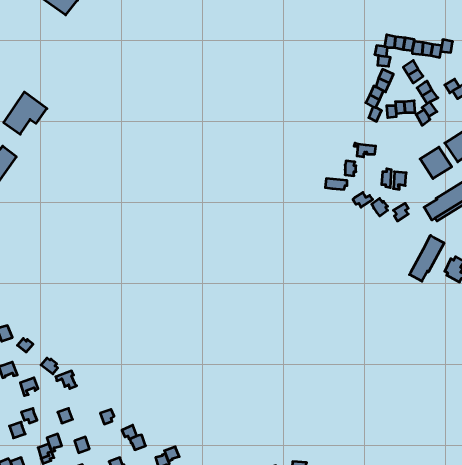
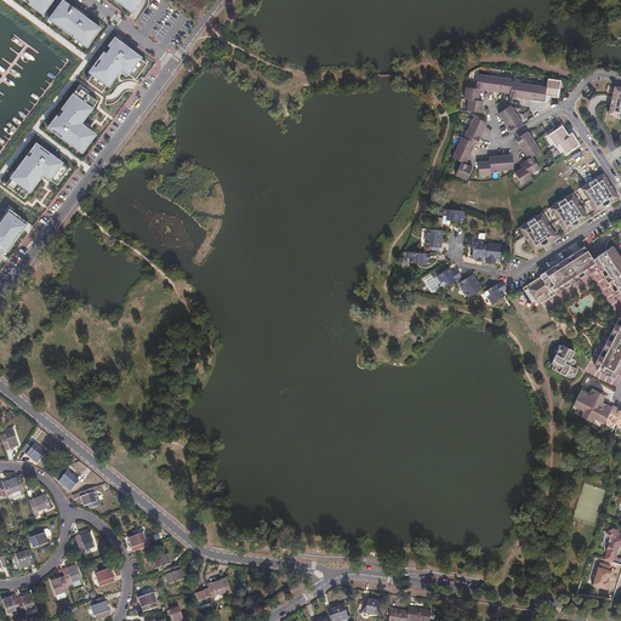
building: none -> [86,36,138,86]
building: none -> [45,93,95,154]
building: [409,235,444,281] -> none

